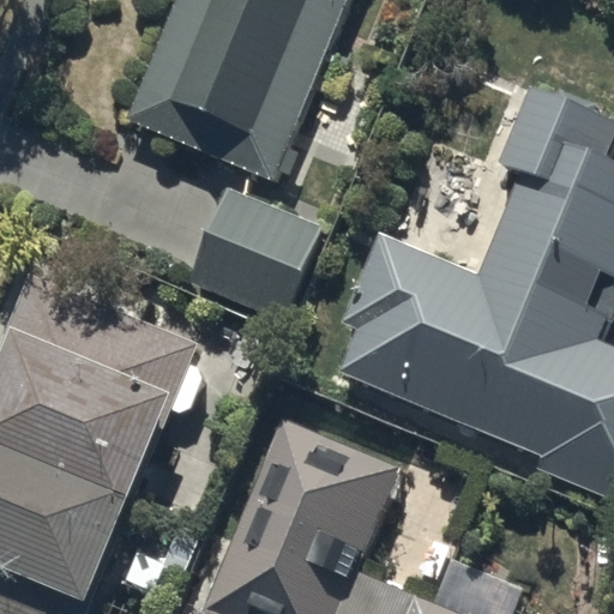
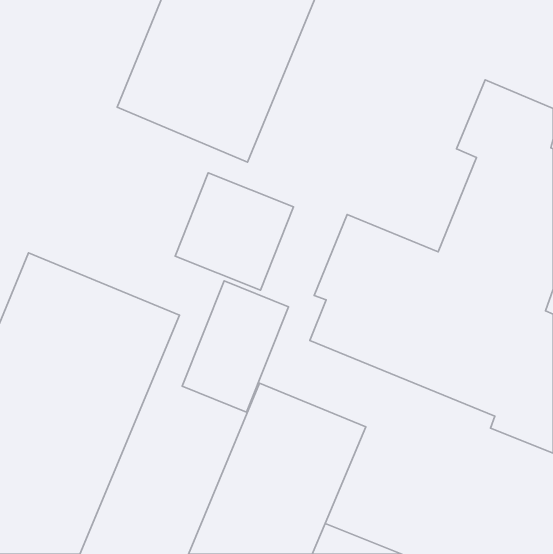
building: none -> [182,281,288,412]

